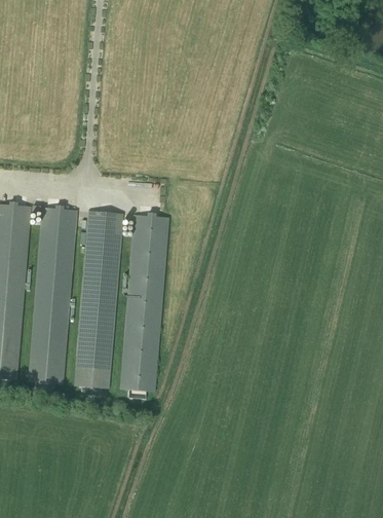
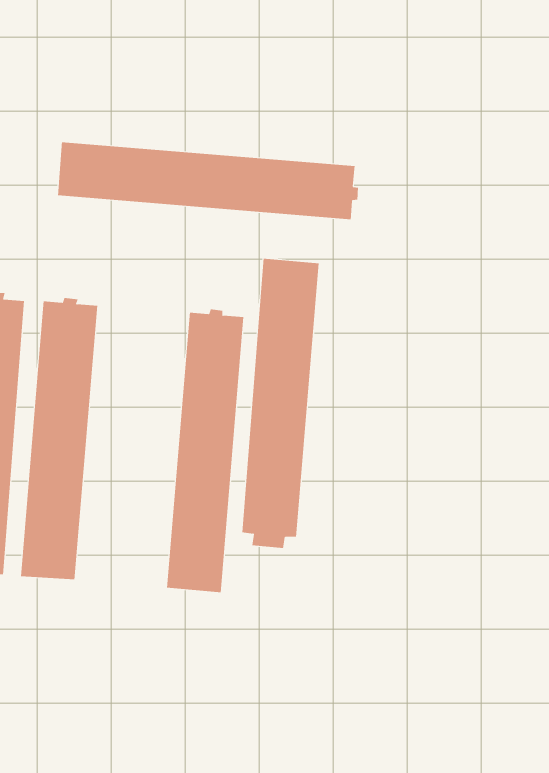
building: none -> [57,141,358,220]
building: [74,210,123,394] -> [242,258,320,549]

